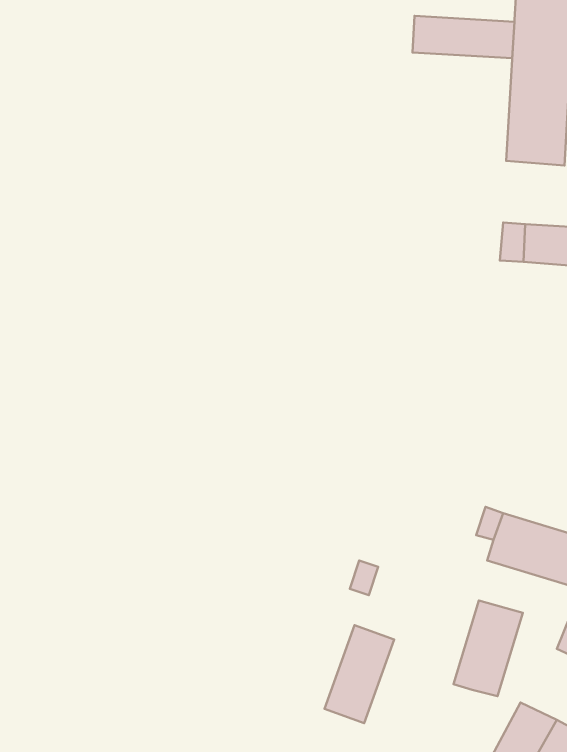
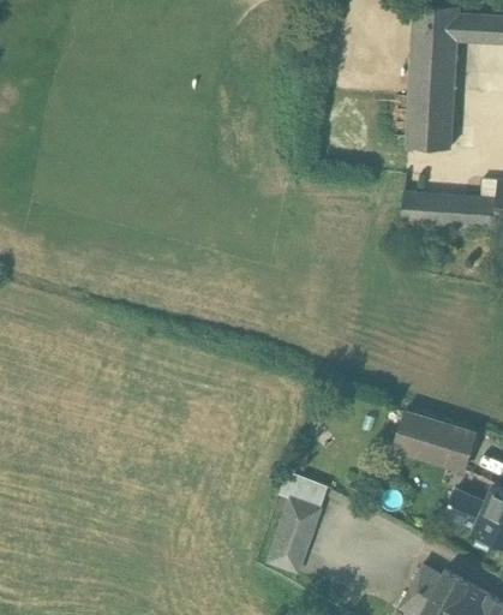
building: [412,16,514,58] -> none
building: none -> [279,474,328,510]
building: [453,600,523,696] -> none

